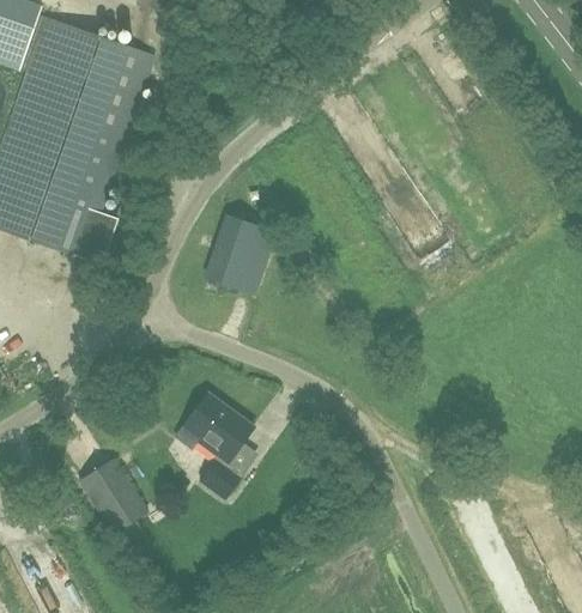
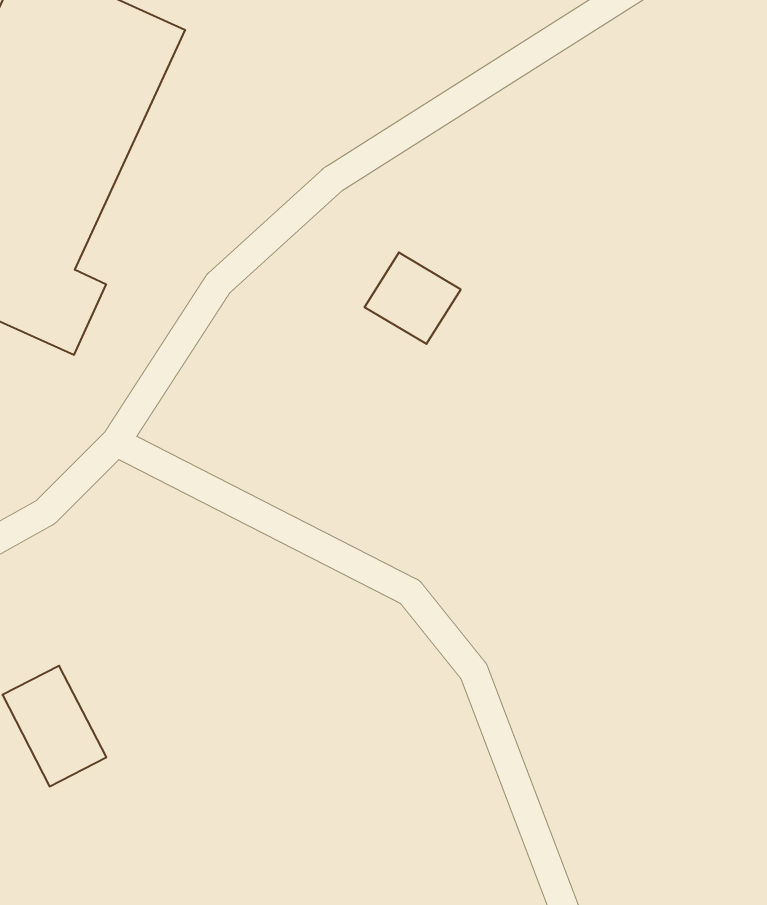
building: [211,230,269,285] -> [364,252,461,344]
building: [183,392,254,498] -> none

